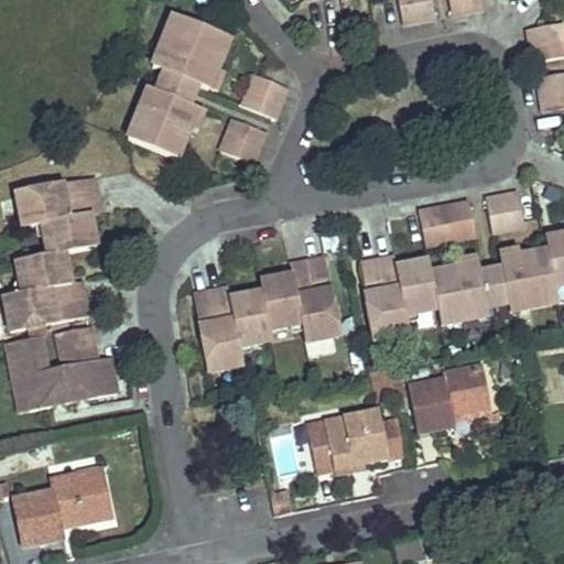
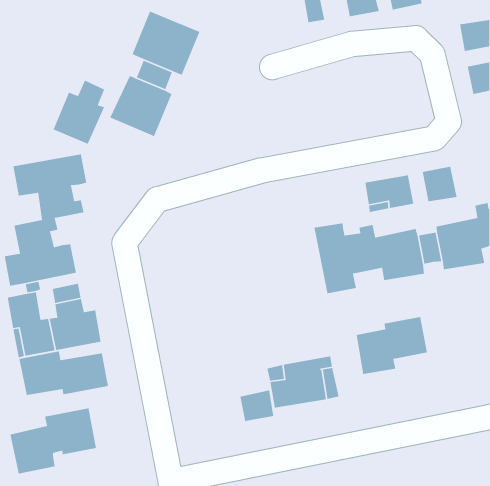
building: [242,73,288,118] -> none
building: none -> [53,79,105,145]
building: [219,117,265,162] -> none
building: [194,259,340,371] -> none
building: none -> [18,350,109,396]
building: none -> [239,390,274,422]

